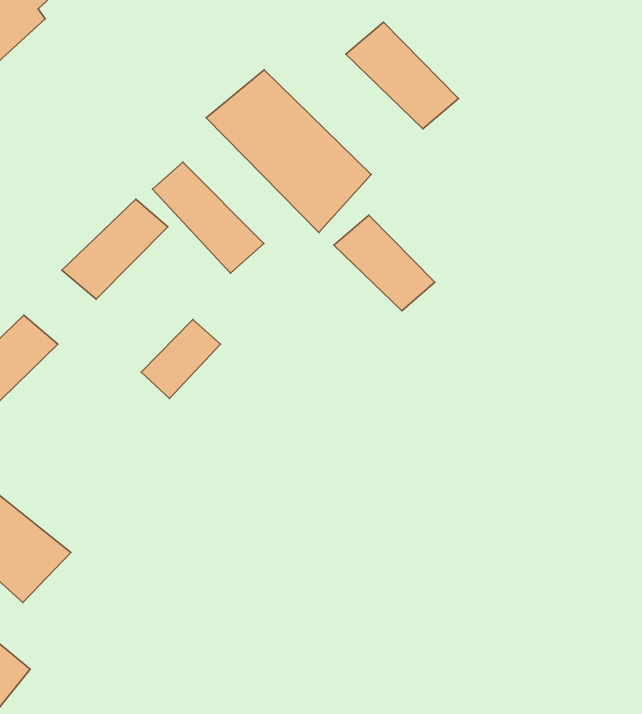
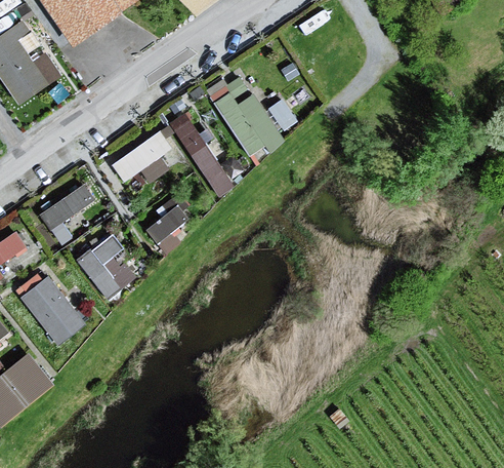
building: [346,22,458,129] -> none
building: [334,215,435,311] -> none
building: none -> [73,230,129,301]

